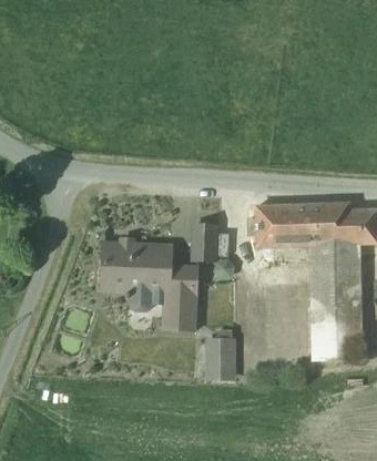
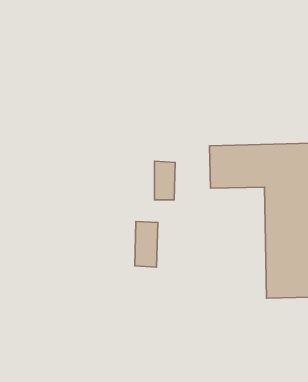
building: [101,239,171,300] -> none
building: [204,339,237,383] -> none

